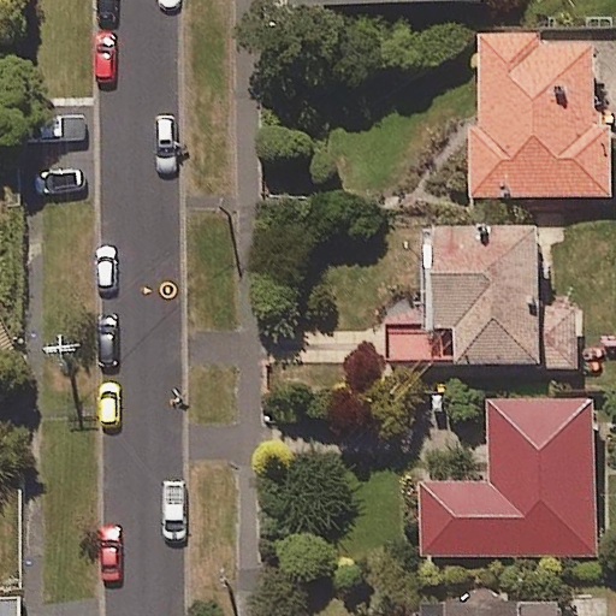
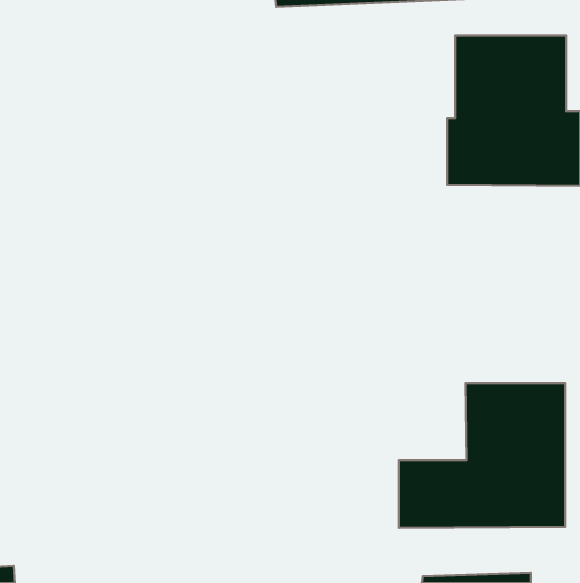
building: [390,225,576,371] -> none

